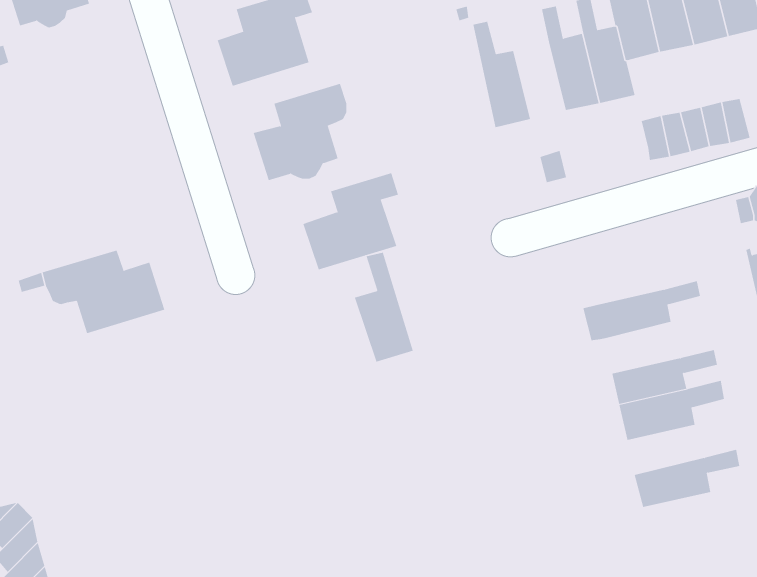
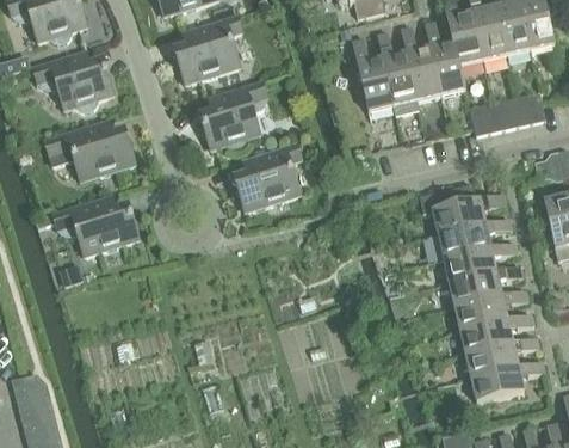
building: none -> [377,33,420,115]
building: none -> [33,53,113,111]
building: none -> [45,122,136,180]
building: none -> [433,184,507,235]
building: [354,252,413,362] -> none
building: none -> [444,243,518,283]
building: none -> [460,313,534,354]
building: none -> [471,361,545,403]

